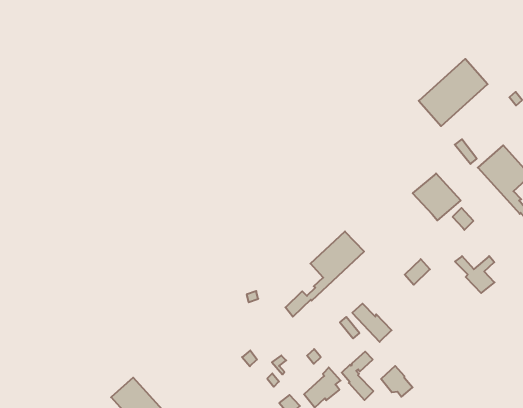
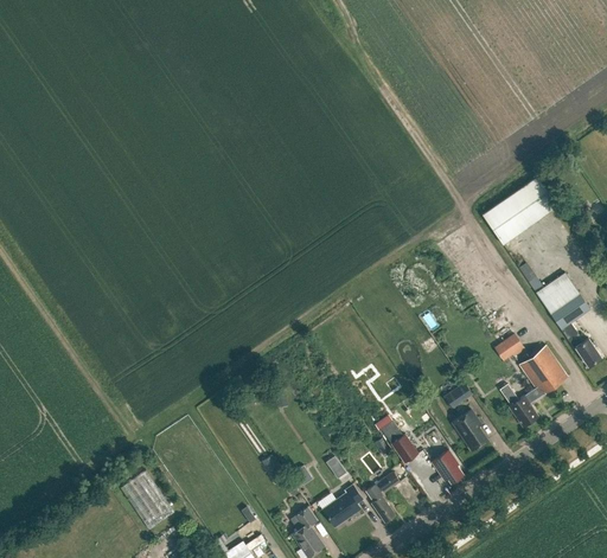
building: [413,173,461,220] -> [518,345,568,395]
building: [285,231,364,317] -> none
building: none -> [452,409,487,450]
building: [381,366,413,397] -> [432,449,464,482]

